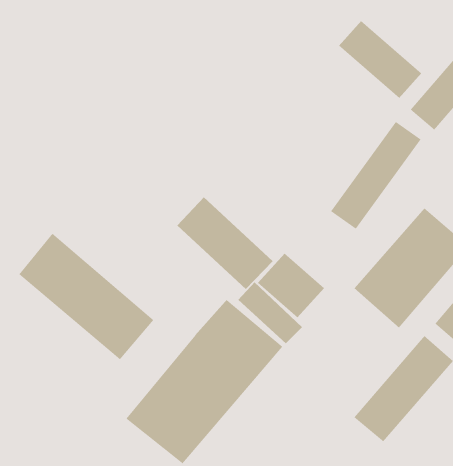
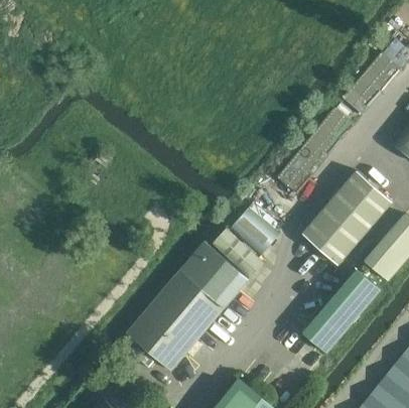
building: [338,20,422,99] -> none
building: [176,197,273,290] -> none
building: [18,233,154,360] -> none

